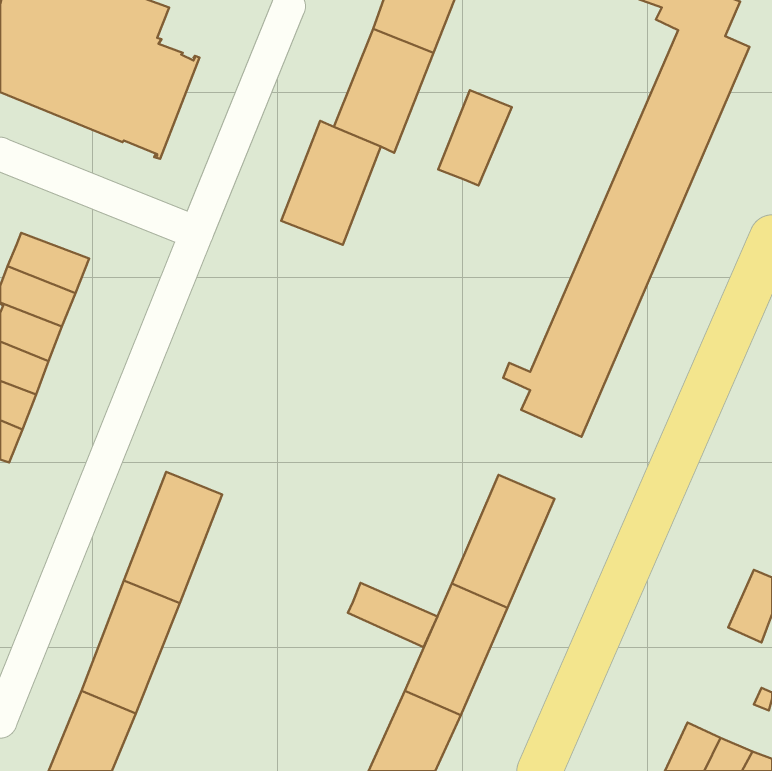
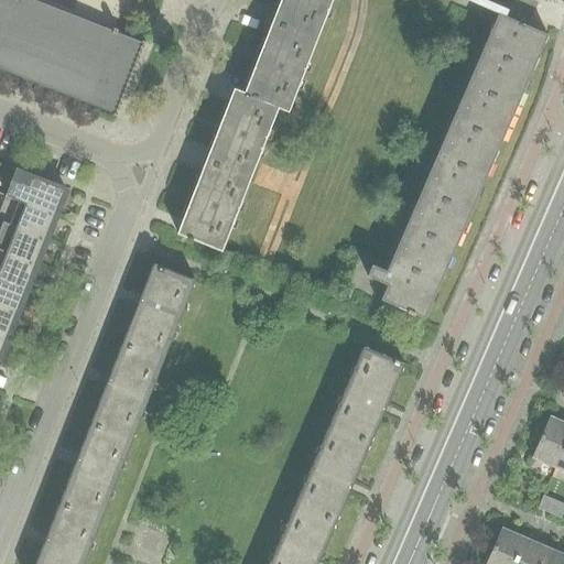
building: [438,90,512,185] -> none
building: none -> [177,161,250,250]
building: none -> [121,263,194,360]
building: [348,583,437,647] -> none

